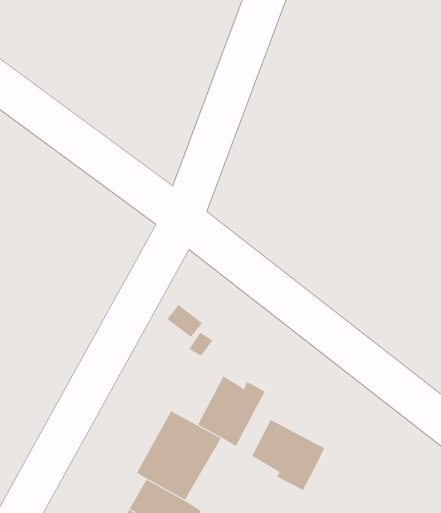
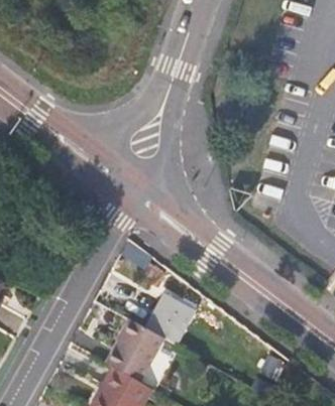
building: [252,419,325,491] -> none

